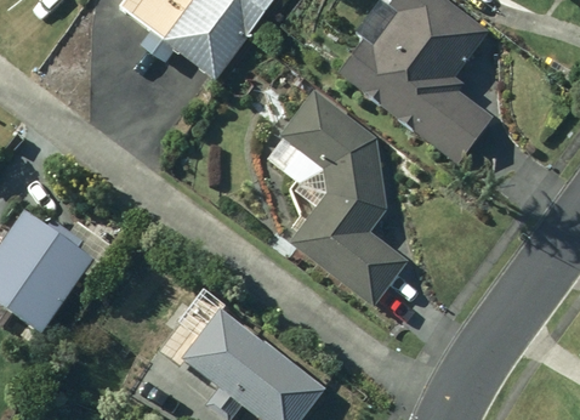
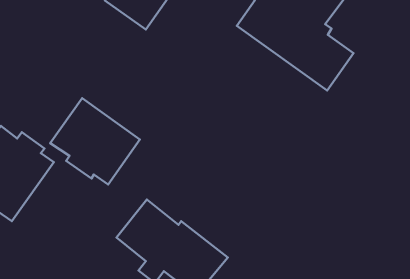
building: [277,89,408,306] -> none
building: none -> [50,98,140,185]

